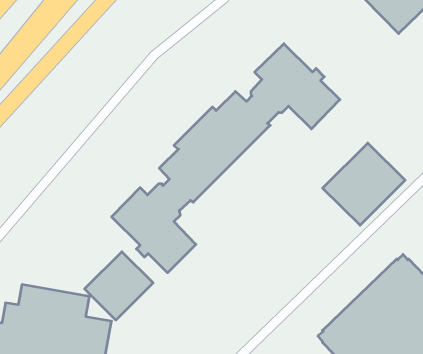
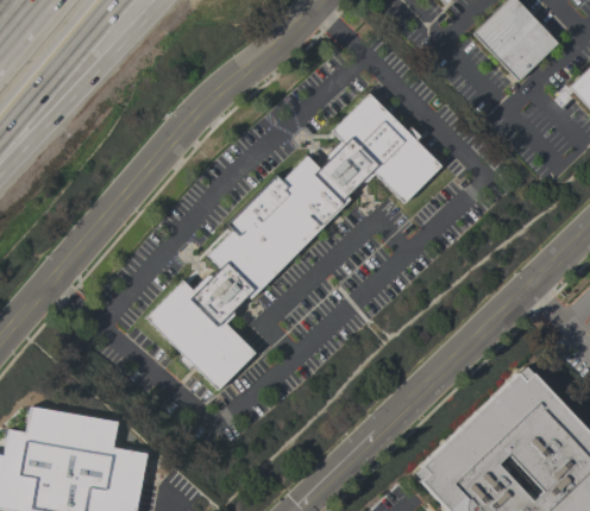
building: [323,143,405,225] -> none
building: [85,252,153,320] -> none

